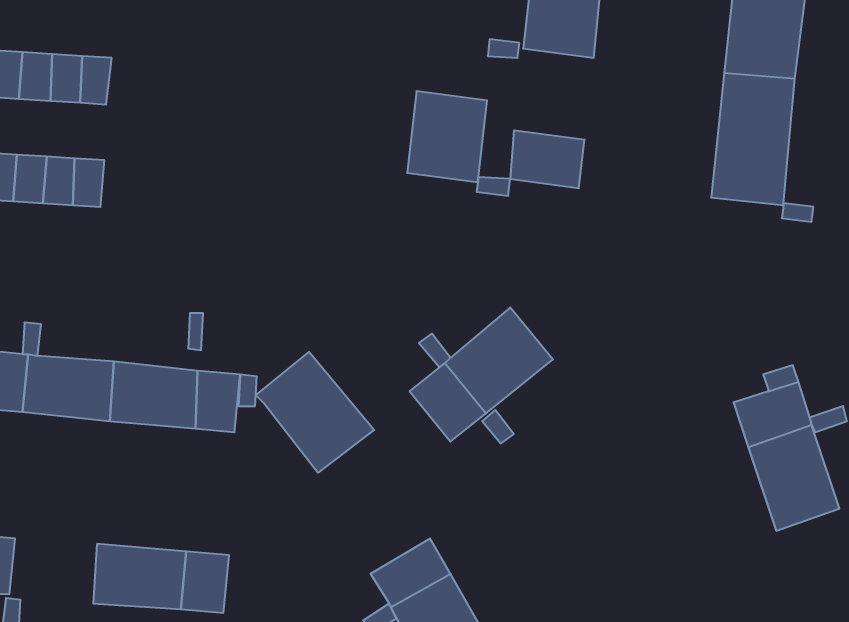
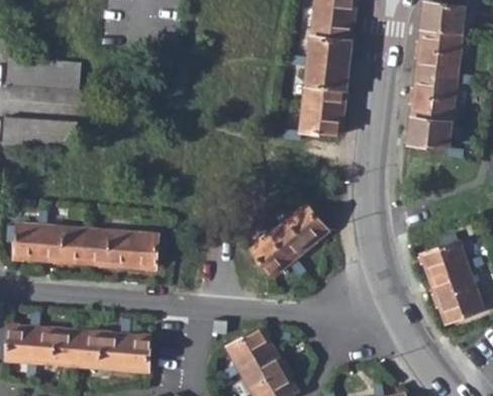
building: [407,91,487,182] -> [303,62,347,111]
building: [256,352,374,473] -> none
building: none -> [29,327,77,363]

